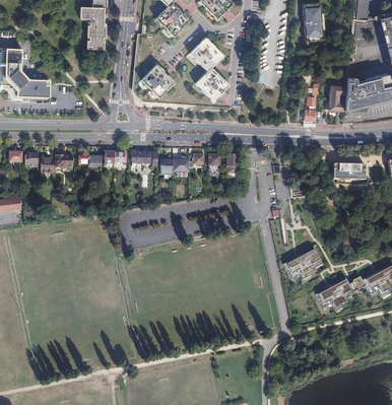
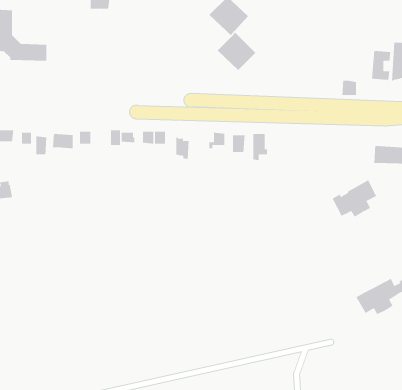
building: [141,64,176,97] -> none
building: [283,248,322,280] -> [332,180,377,218]

